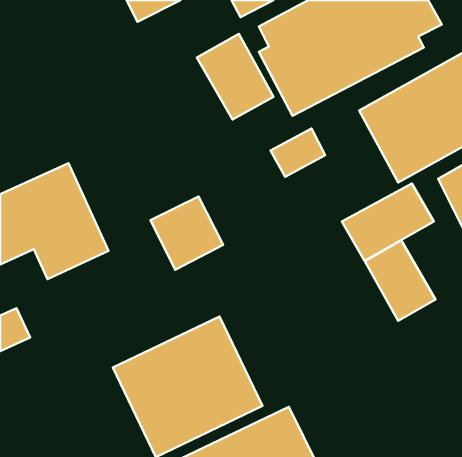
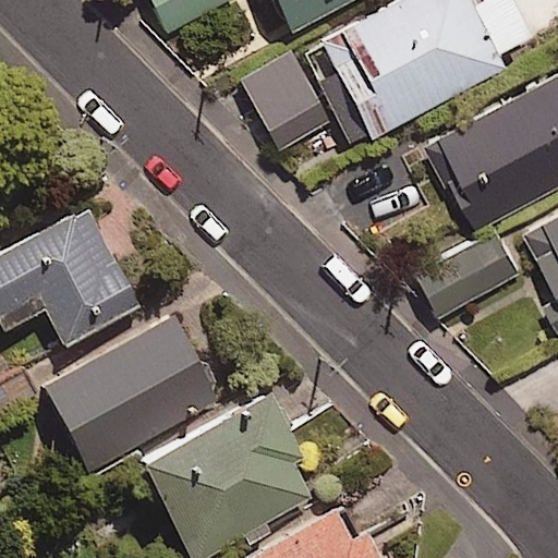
building: [150,196,223,270] -> none
building: [365,240,436,321] -> none
building: none -> [44,316,221,472]

